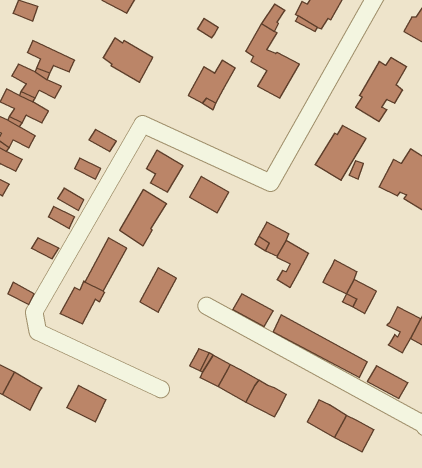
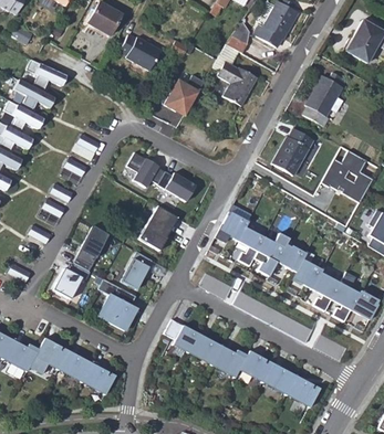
building: [103,38,153,82] -> [124,38,166,75]
building: [120,190,167,246] -> [138,205,178,253]
building: none -> [257,239,284,277]
building: none -> [312,273,340,311]
building: none -> [97,278,137,330]
building: none -> [37,338,70,369]
building: none -> [240,350,273,381]
building: none -> [84,362,117,394]

